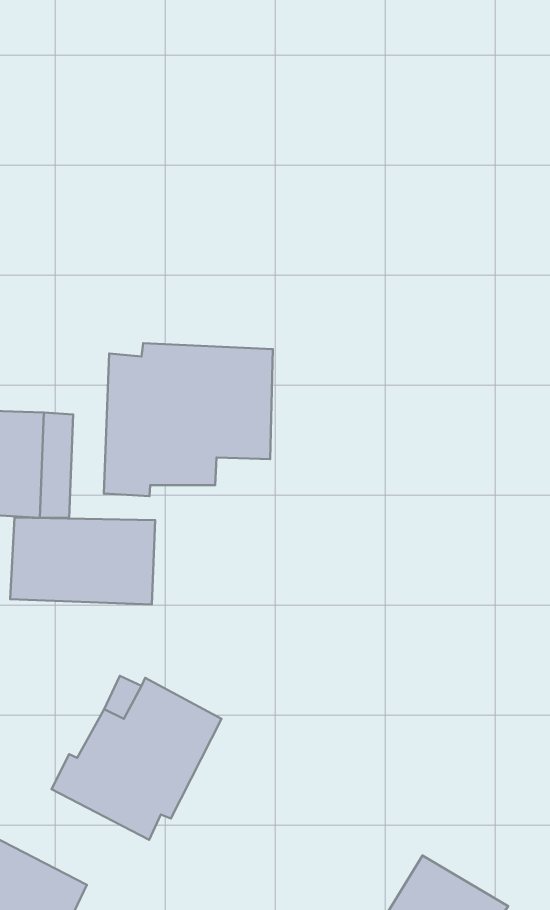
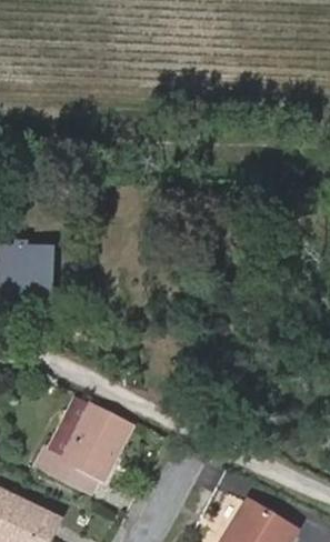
building: [104,343,273,496] -> none
building: [10,517,155,604] -> none

